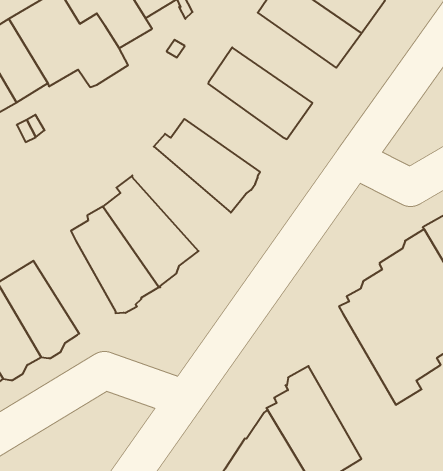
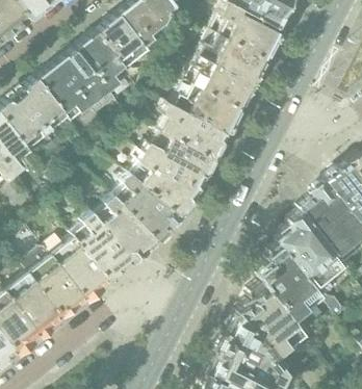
building: none -> [186,52,256,106]
building: none -> [160,99,227,156]
building: none -> [132,149,201,213]
building: none -> [73,210,133,279]
building: none -> [260,241,325,335]

